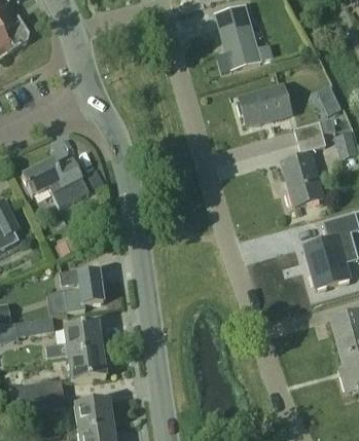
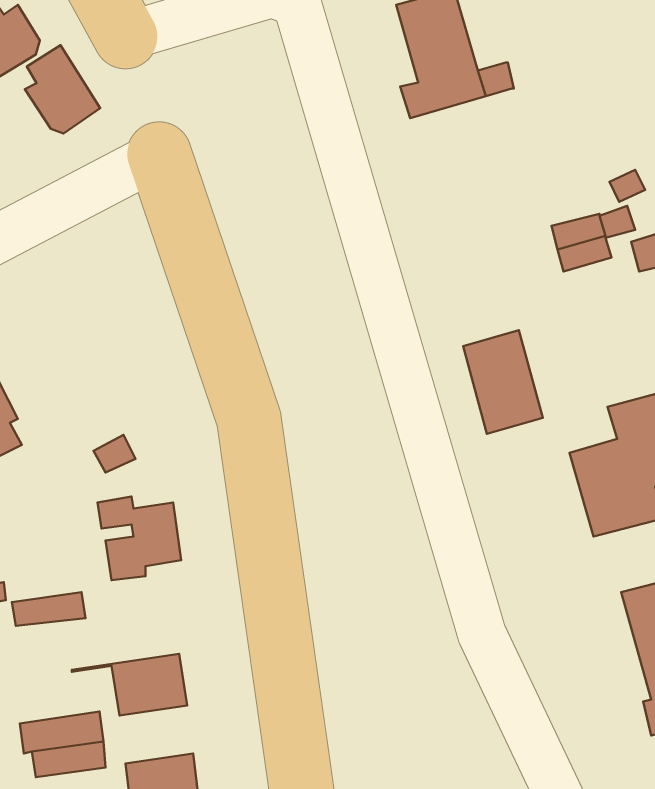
building: none -> [25,45,100,133]
building: [238,84,290,124] -> none
building: [280,153,321,207] -> [463,330,543,434]
building: [21,158,87,206] -> none
building: [44,322,101,357] -> none

